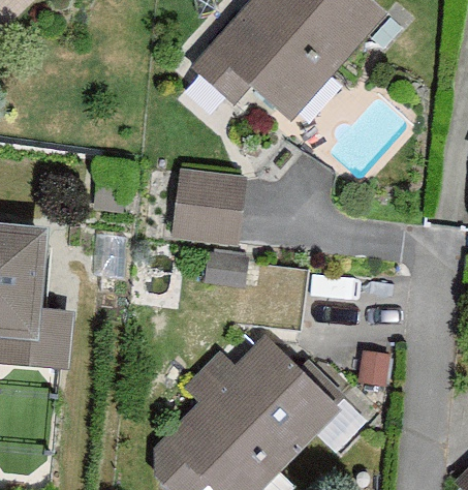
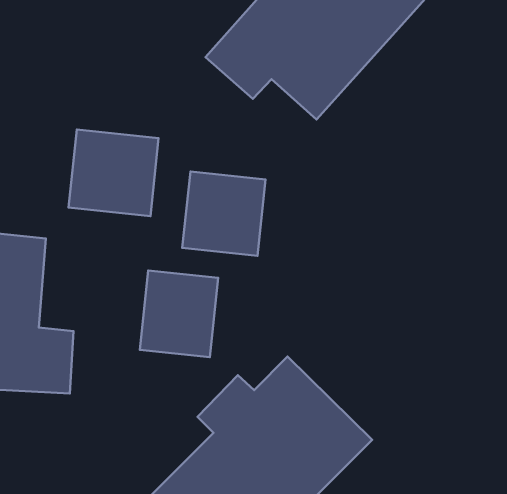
building: none -> [69,130,159,216]
building: none -> [140,271,218,357]

